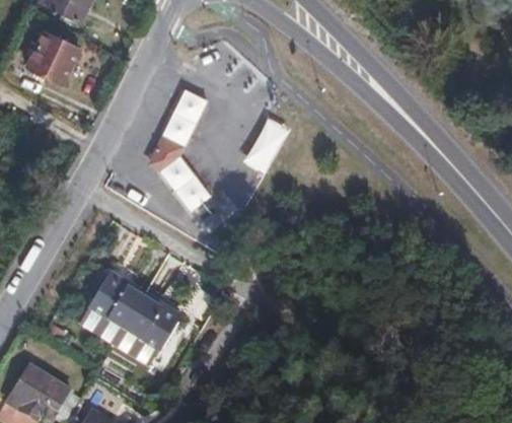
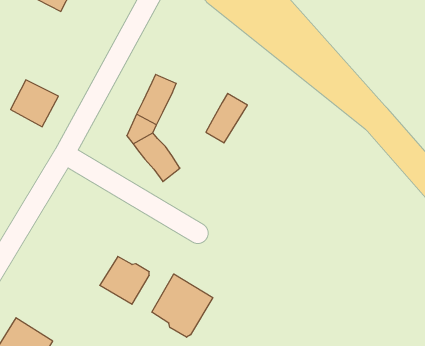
building: [25,31,79,84] -> [11,80,58,127]
building: [86,273,142,330] -> none
building: none -> [152,274,213,337]

